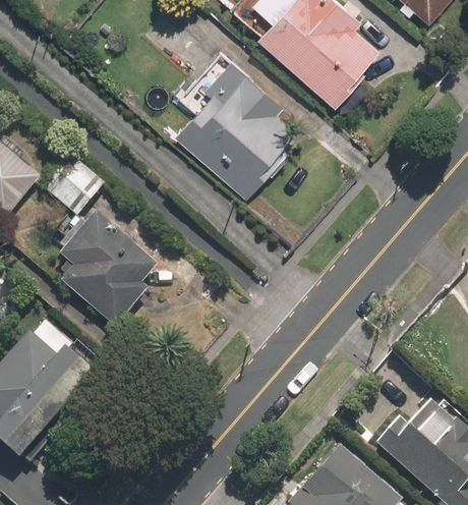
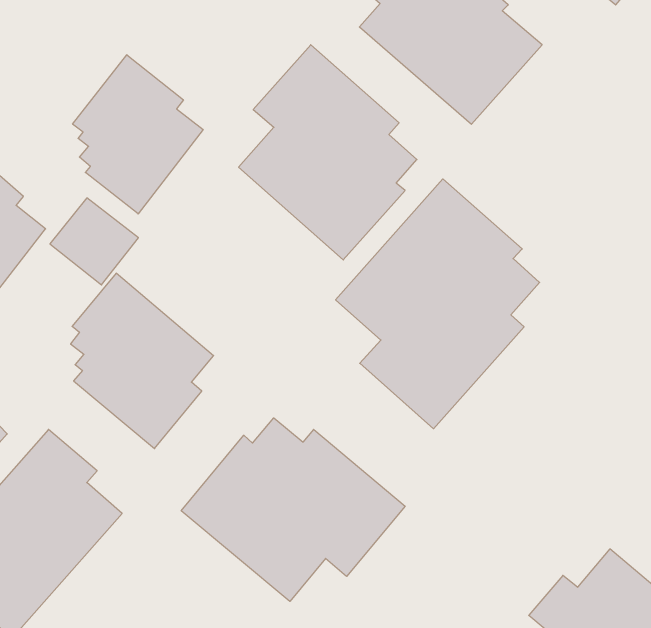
building: none -> [73,55,203,214]
building: none -> [336,179,540,429]
building: none -> [181,418,405,601]

